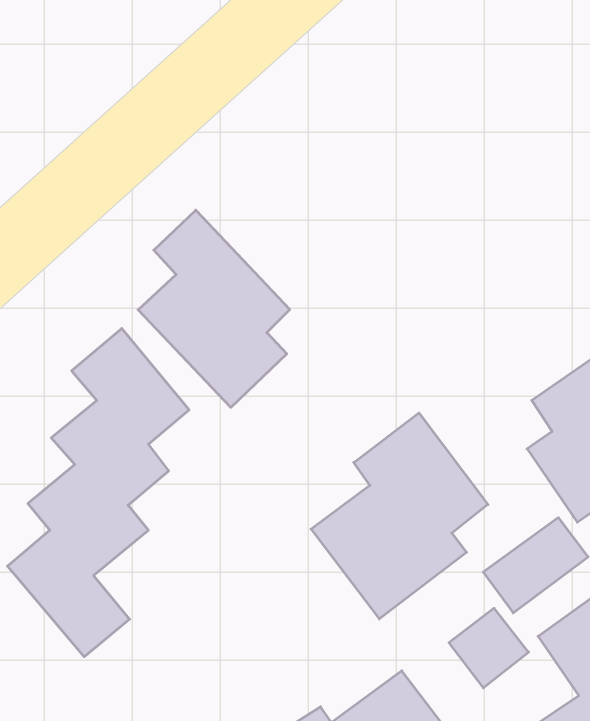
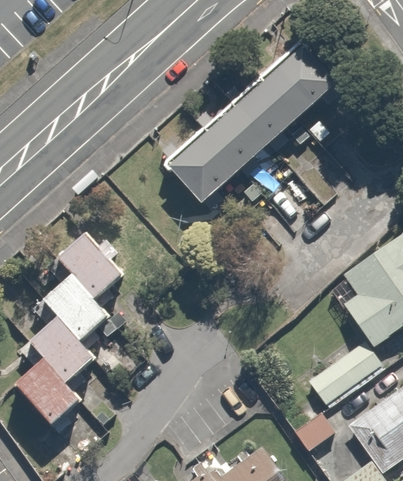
building: none -> [161,37,334,205]
building: [138,210,290,407] -> none
building: [311,413,488,619] -> none

